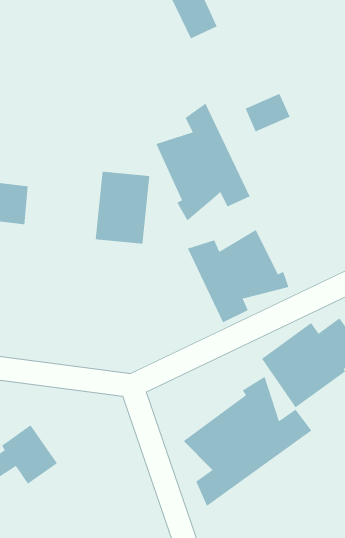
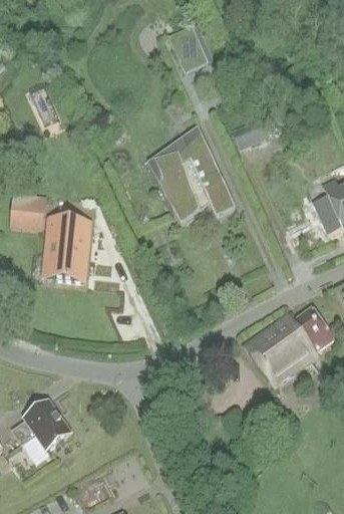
building: [95,171,150,244] -> [42,218,89,280]
building: [187,229,289,323] -> none
building: [183,376,312,507] -> none

